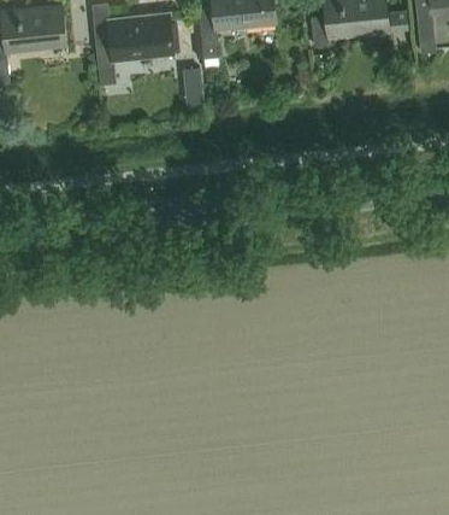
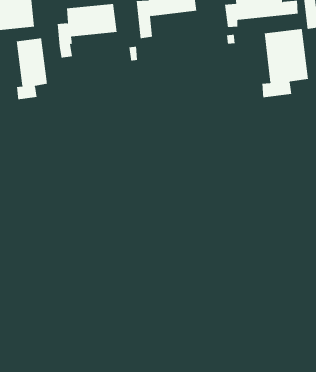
building: none -> [262,28,309,98]
building: none -> [16,37,48,100]

